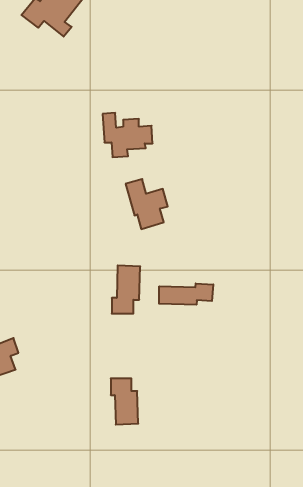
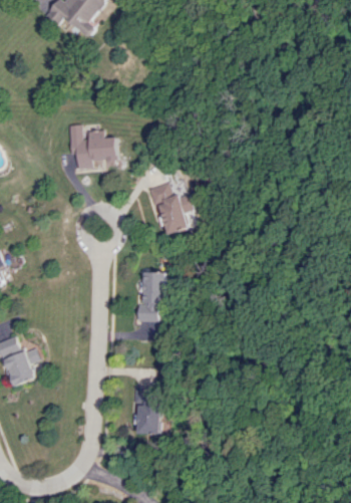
building: [103,113,153,157] -> [64,124,115,170]
building: [159,283,213,305] -> none

